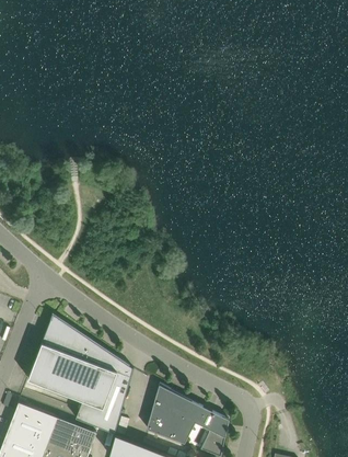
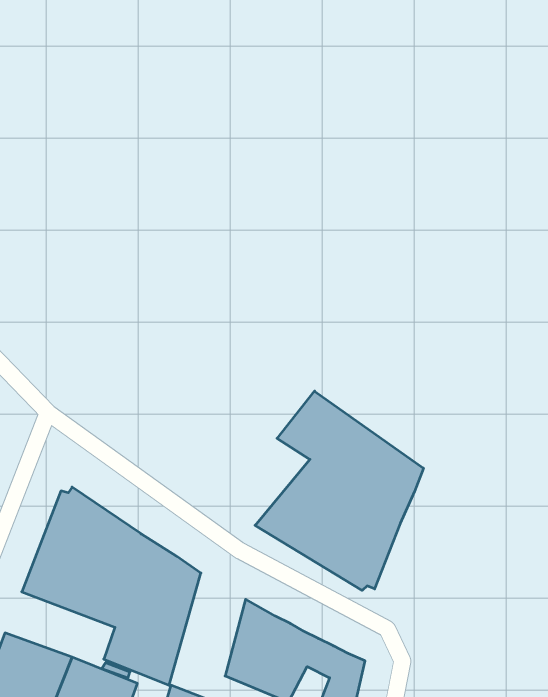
building: none -> [255,391,423,590]

